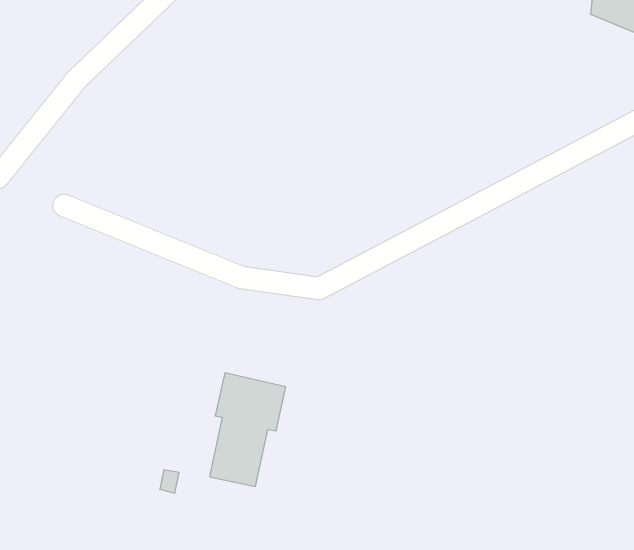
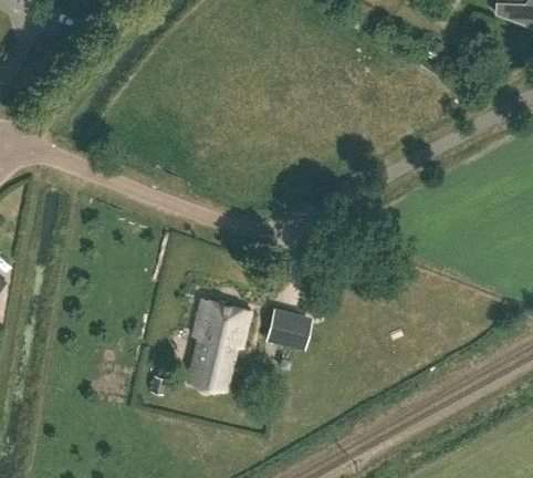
building: none -> [265,314,311,350]

